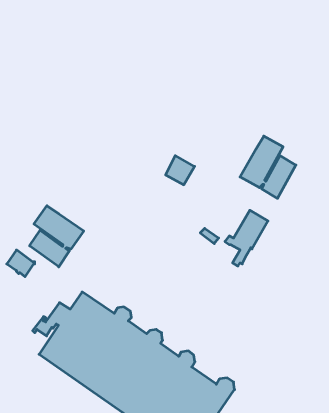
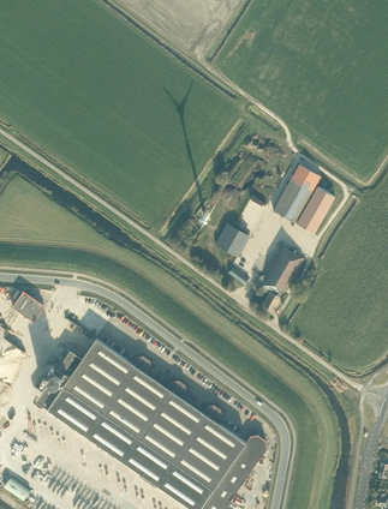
building: [166,156,195,185] -> [215,223,247,256]
building: [30,206,84,267] -> none

